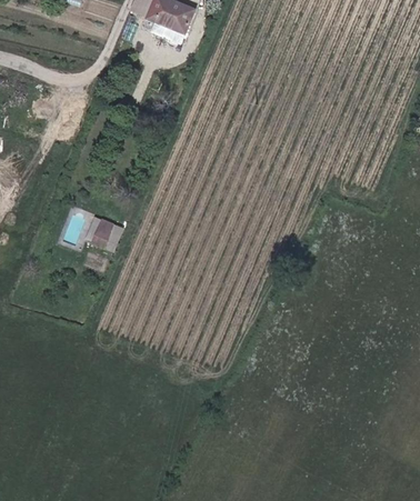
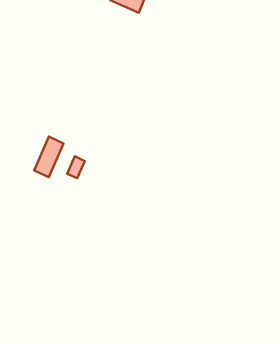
building: none -> [34,136,63,177]

